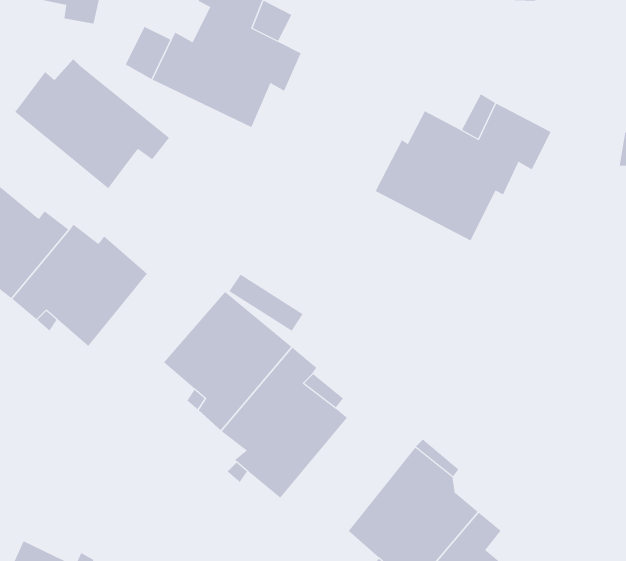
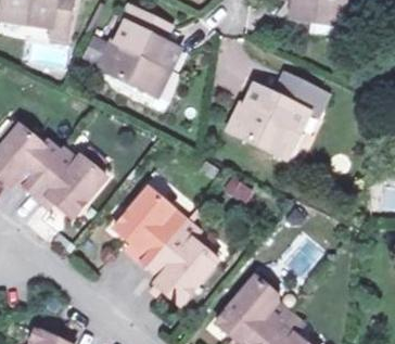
building: [14,59,170,189] -> none

